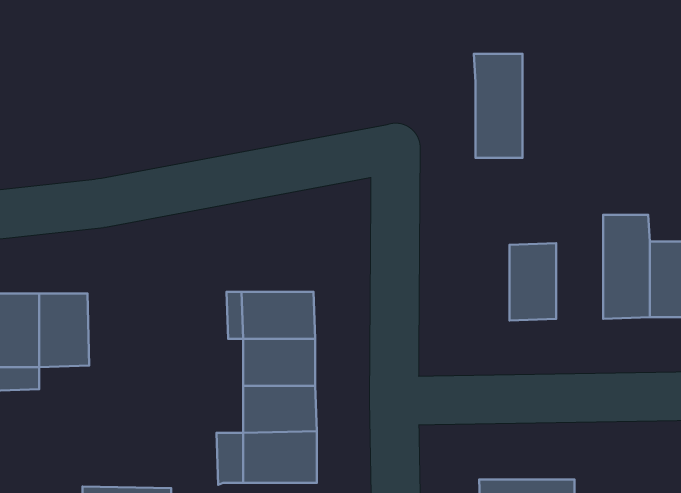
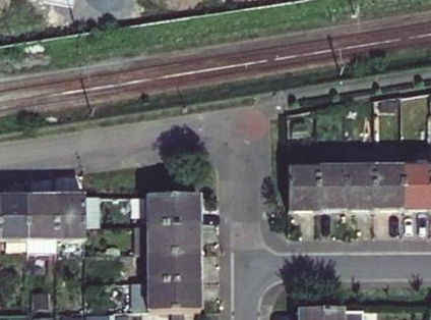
building: [474,54,522,158] -> [345,148,374,211]
building: none -> [287,166,317,212]
building: none -> [61,196,90,239]

